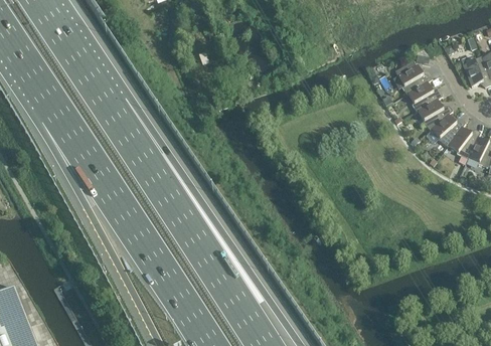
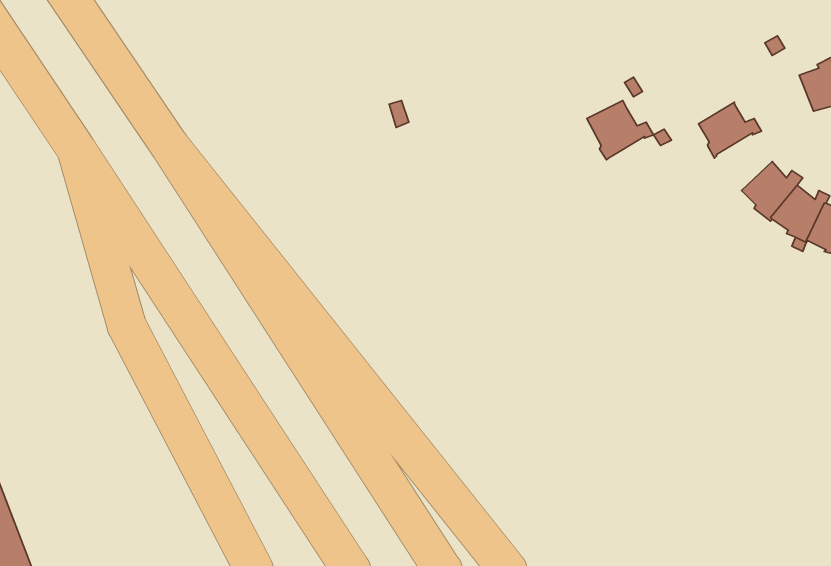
building: [395,63,433,97] -> [587,100,653,160]
building: [418,101,453,134] -> none

